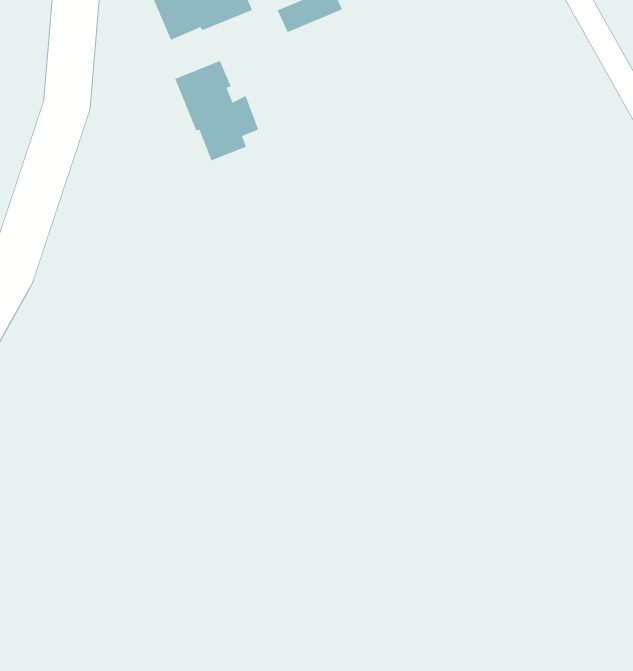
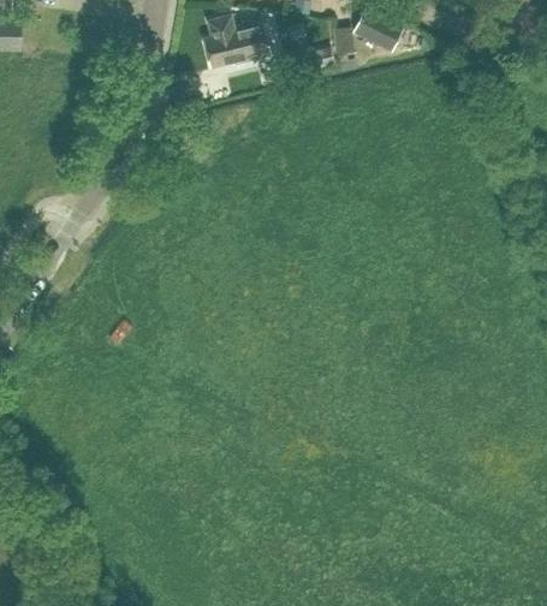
building: [174,60,259,161] -> none

